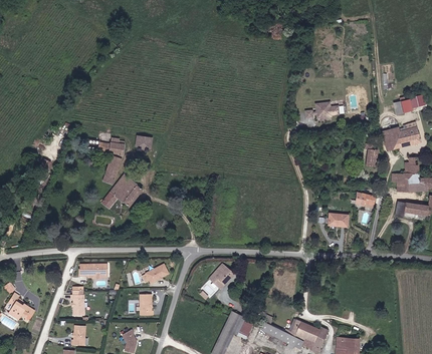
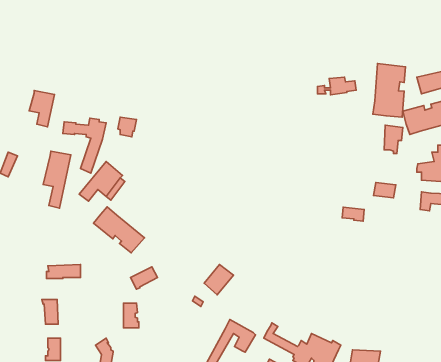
building: none -> [373,63,405,117]
building: none -> [29,91,54,127]
building: none -> [43,151,71,208]
building: none -> [94,207,145,253]

